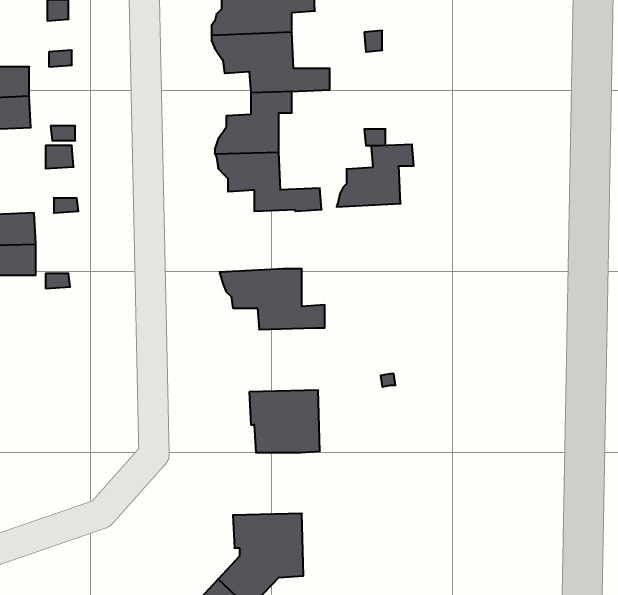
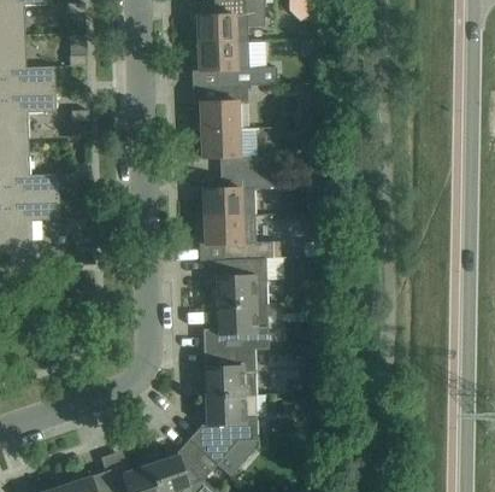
building: [337,144,414,207] -> [195,171,252,217]
building: none -> [216,258,267,305]
building: none -> [204,350,255,396]

